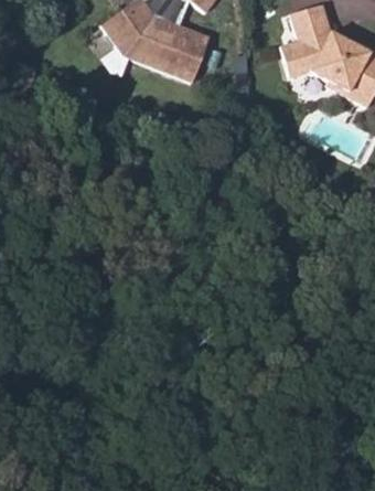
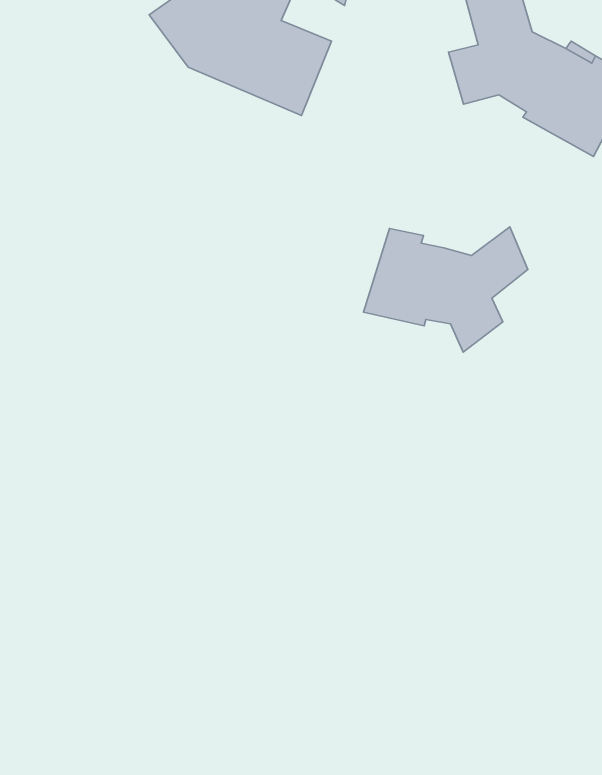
building: none -> [364,227,528,352]

